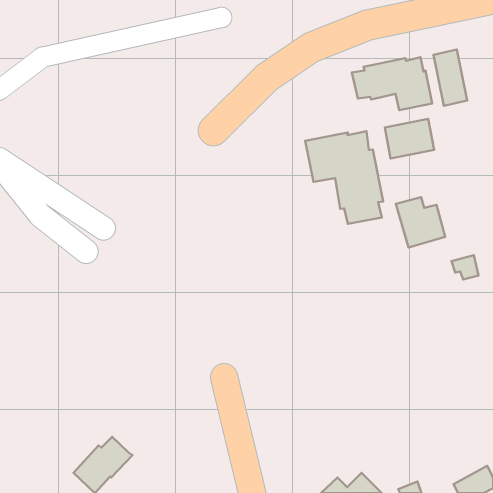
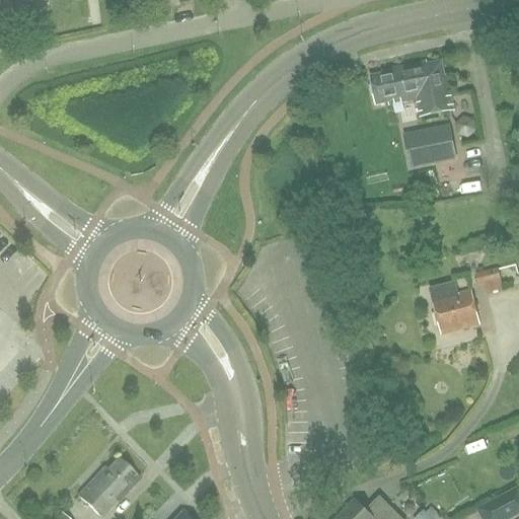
building: [433,50,467,106] -> none
building: [305,131,383,224] -> none
building: [396,197,445,247] -> [427,282,478,335]

